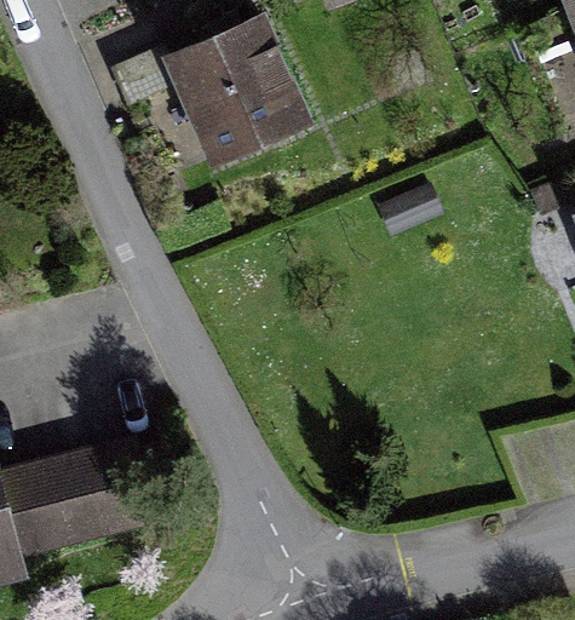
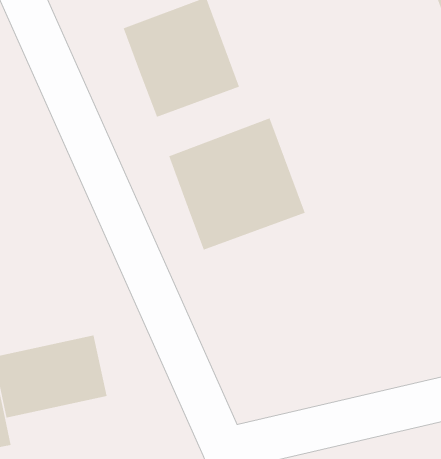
building: none -> [169,118,306,251]

